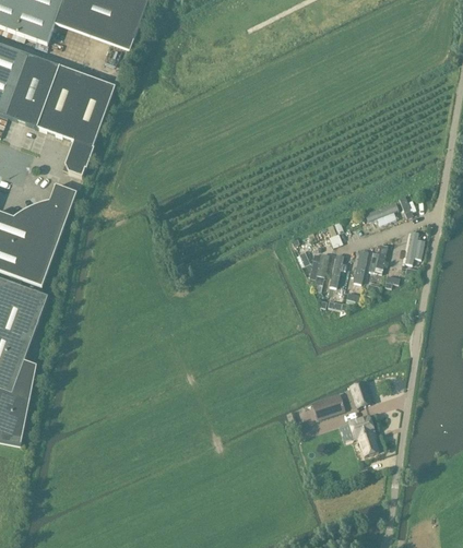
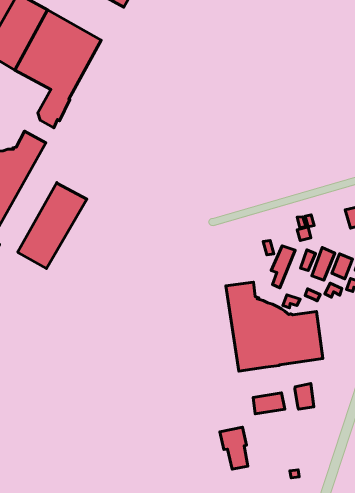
building: none -> [18,182,87,268]
building: none -> [226,282,323,371]
building: [346,413,378,454] -> [220,427,248,469]

